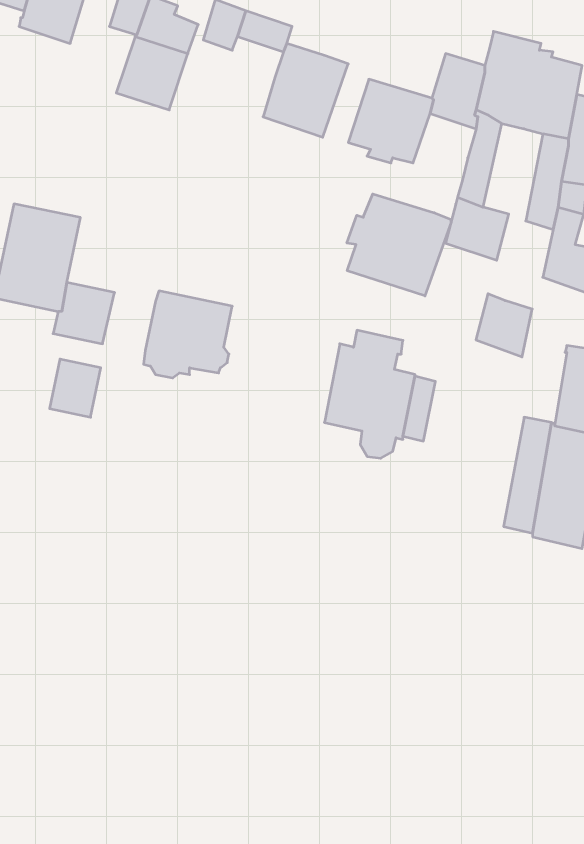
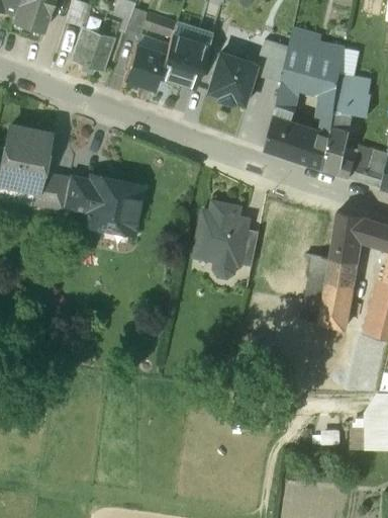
building: none -> [123,41,165,89]
building: [347,194,451,296] -> none
building: [476,294,532,357] -> [296,133,329,170]
building: [50,359,101,417] -> [64,179,94,213]

